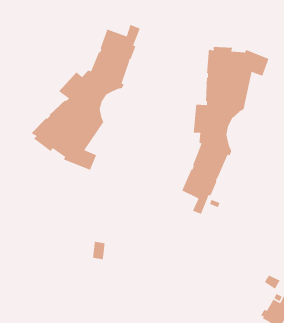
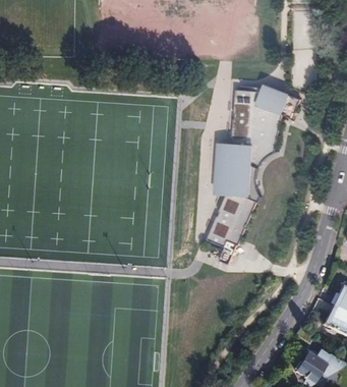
building: [31,24,141,171] -> none

